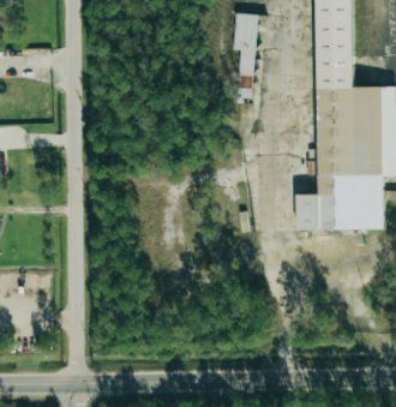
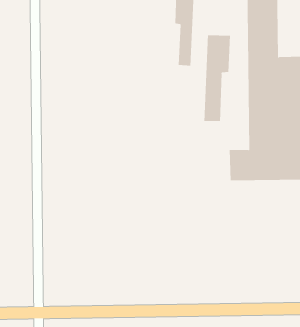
building: none -> [204,34,231,122]

